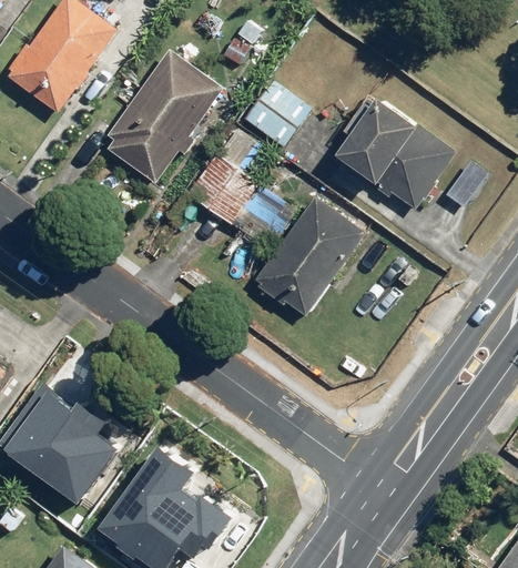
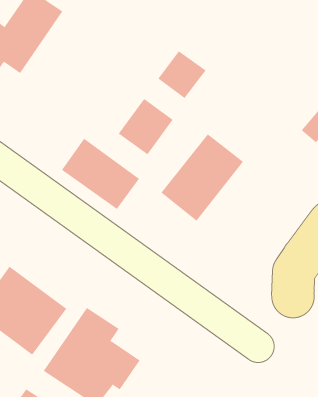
building: [100,50,225,185] -> none
building: [328,98,457,216] -> none
building: none -> [61,138,140,210]

